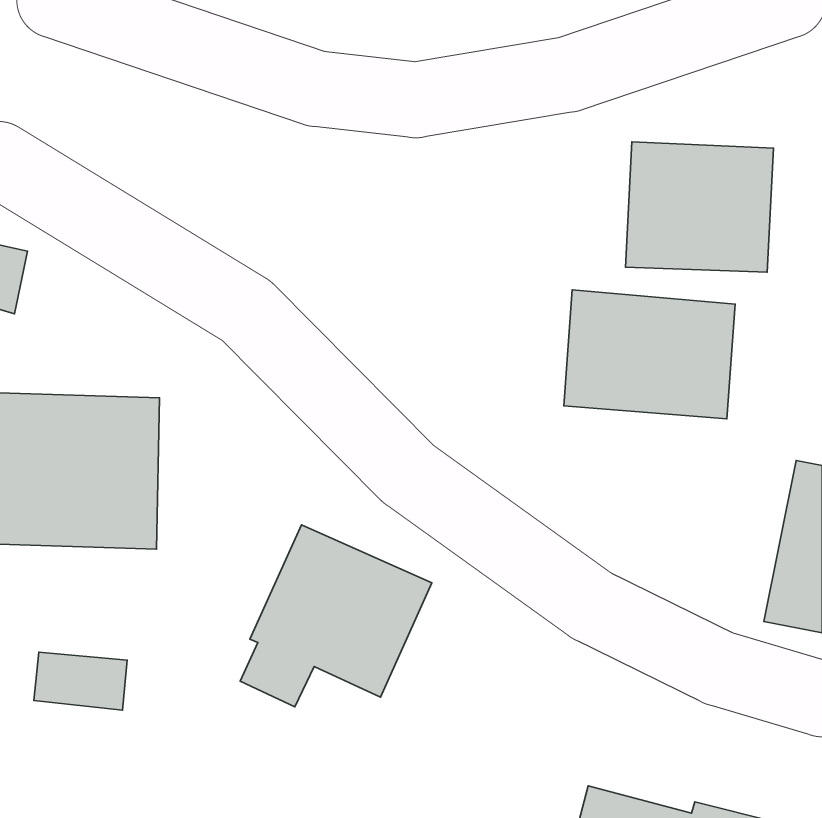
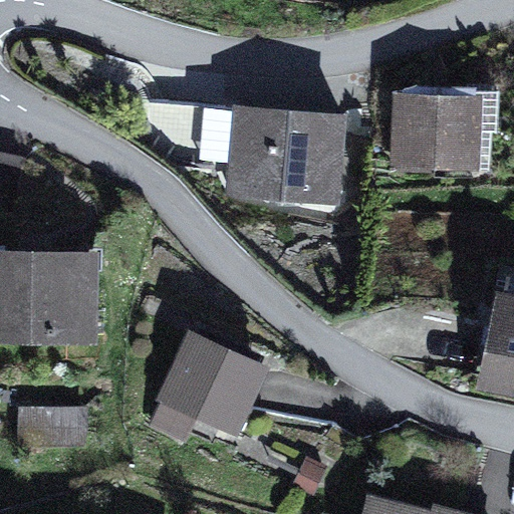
building: none -> [226,104,346,208]
building: [564,290,735,419] -> none

